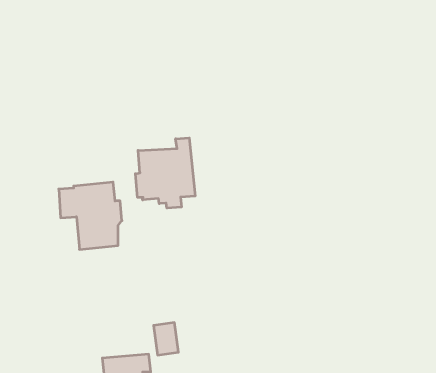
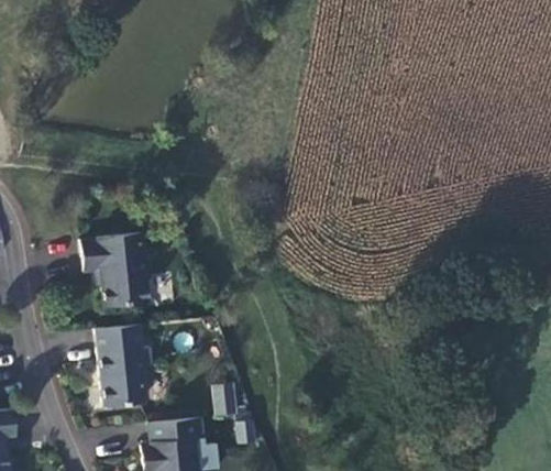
building: [135,138,195,208] -> none
building: none -> [100,324,156,405]

